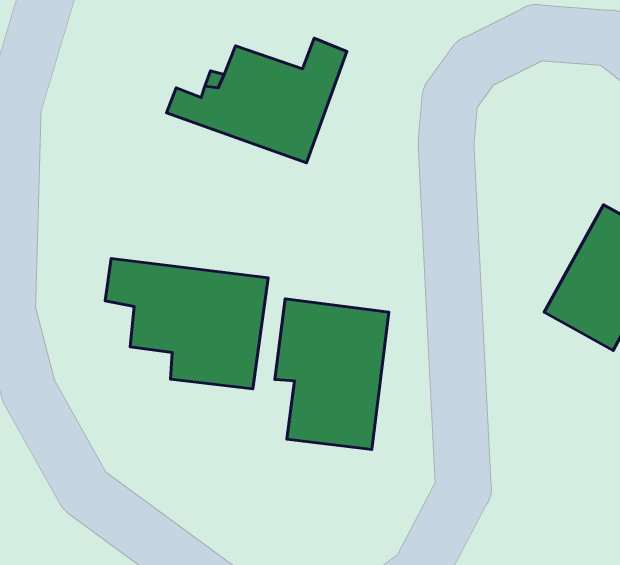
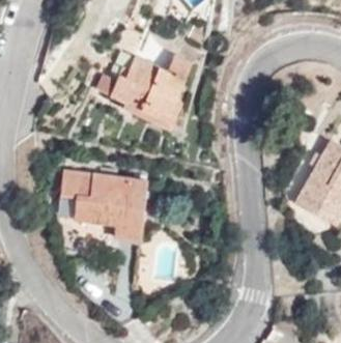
building: [275,299,389,449] -> none

